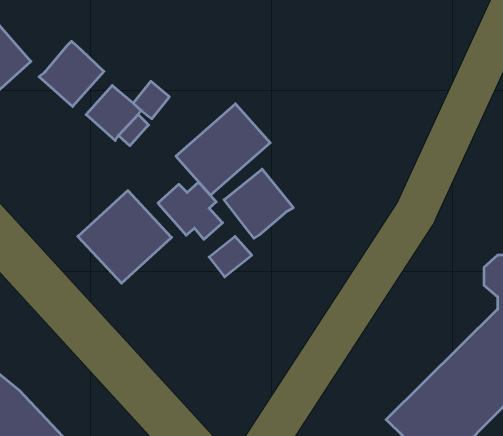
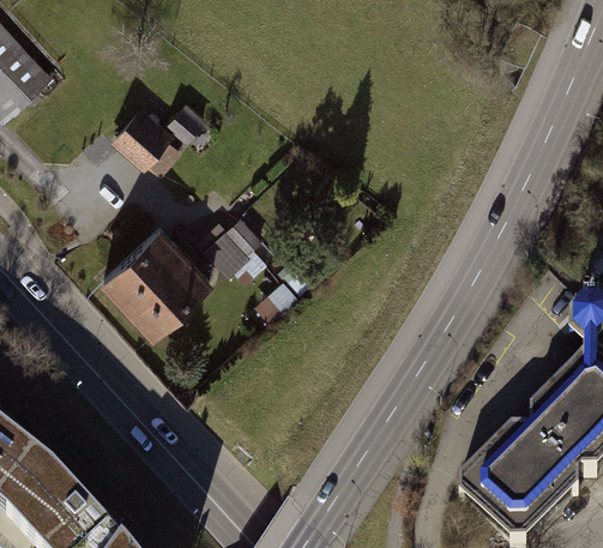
building: [39,41,104,107] -> none
building: [176,104,270,195] -> none
building: [224,169,293,238] -> none

